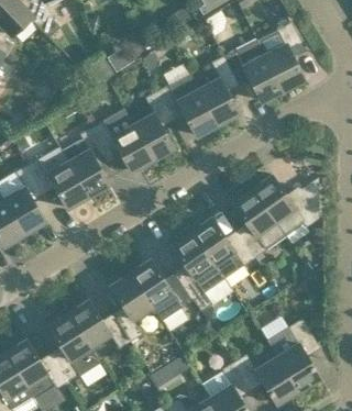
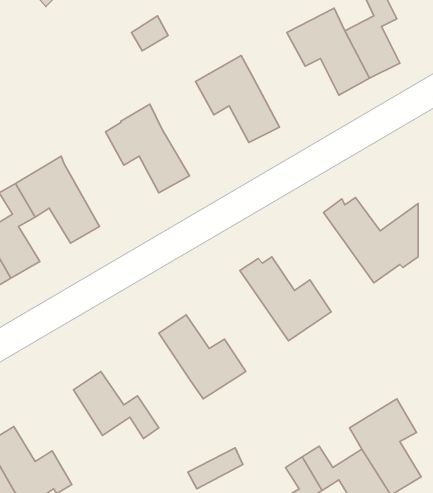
building: [199,57,239,125] -> none
building: [133,92,174,160] -> none
building: [63,129,109,197] -> none
building: [233,187,286,258] -> none
building: [172,229,224,312] -> none
building: [110,274,153,342] -> none
building: [48,311,99,382] -> none

